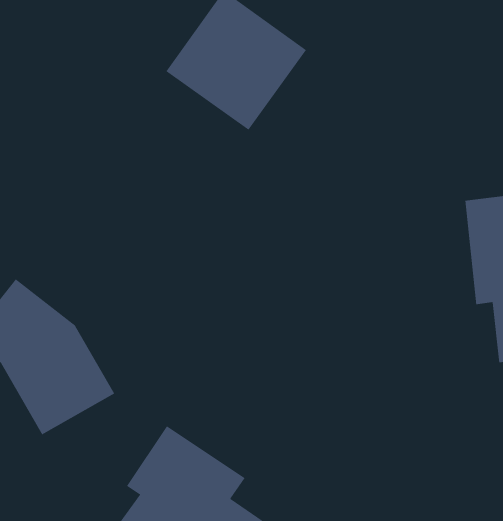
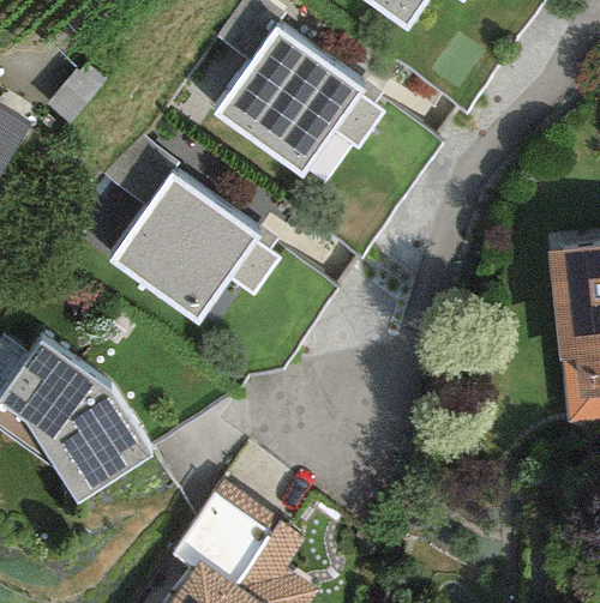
building: none -> [114,175,260,320]

